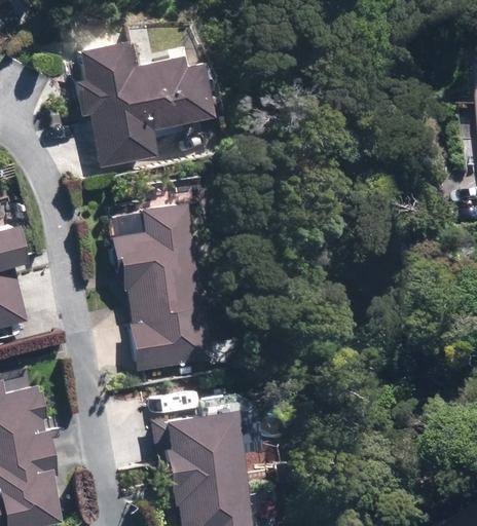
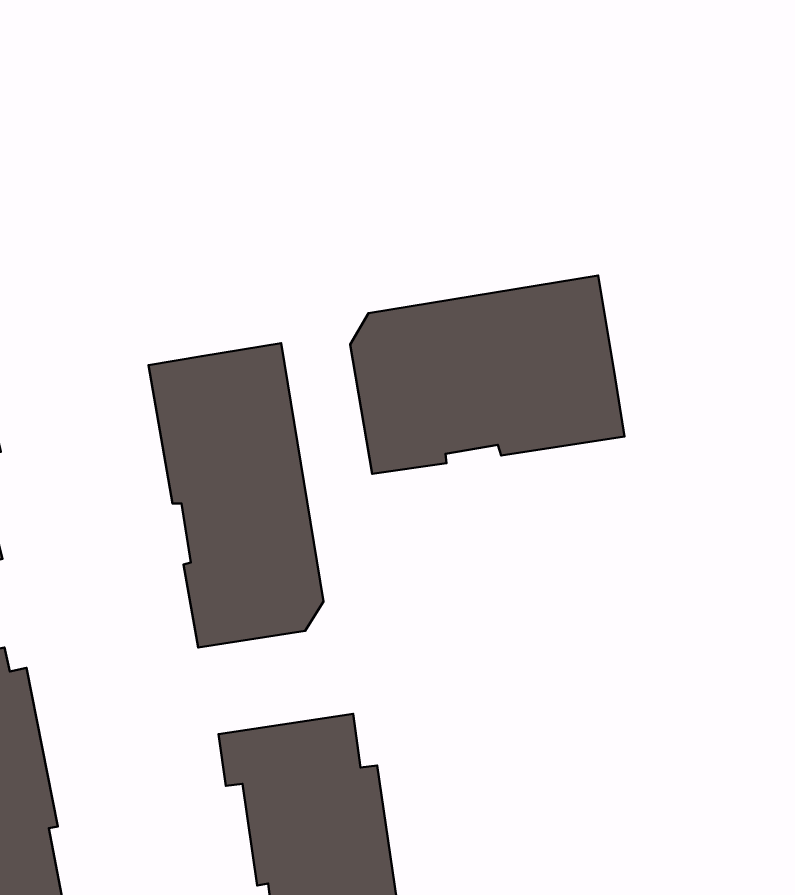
building: [71,41,207,170] -> none
building: none -> [350,275,625,474]

